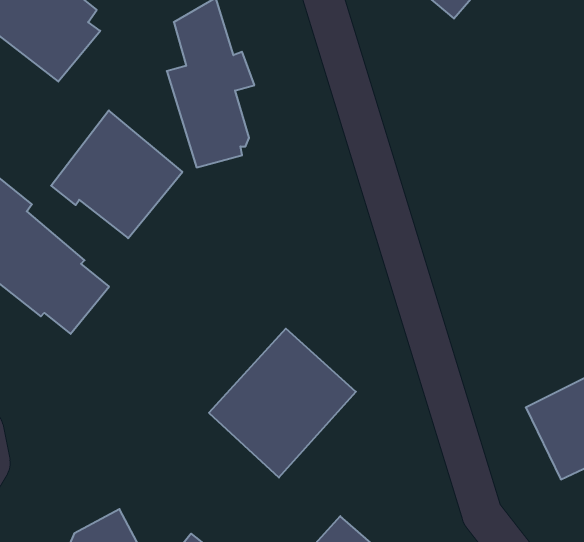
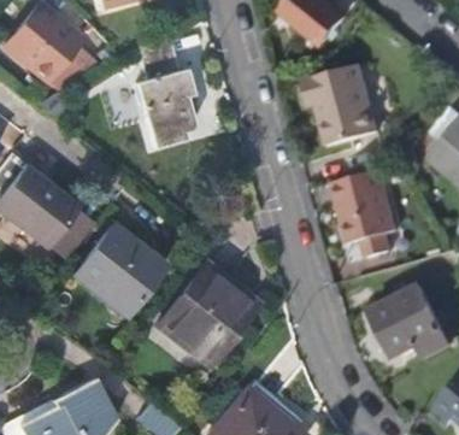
building: none -> [307,66,383,147]
building: [51,110,182,238] -> [73,221,164,308]
building: none -> [337,171,402,259]

